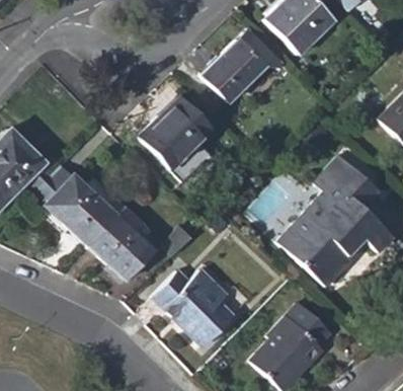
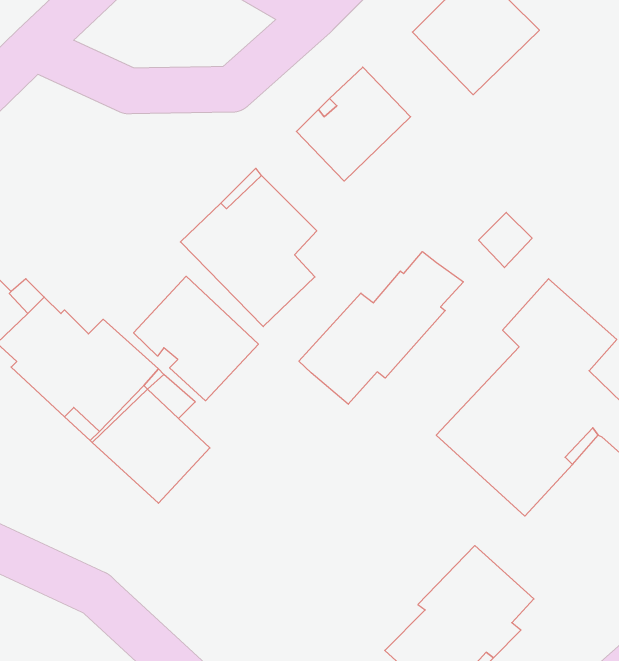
building: none -> [299,252,463,404]
building: none -> [134,276,258,401]
building: [154,269,234,346] -> none

